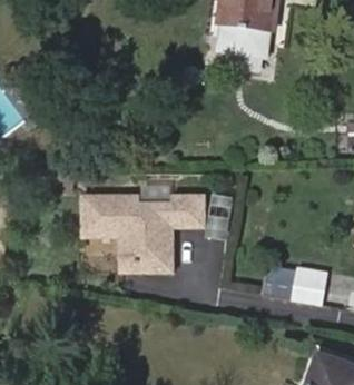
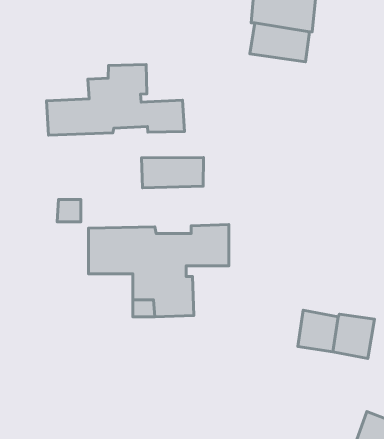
building: none -> [46,65,184,135]
building: none -> [142,158,203,188]

